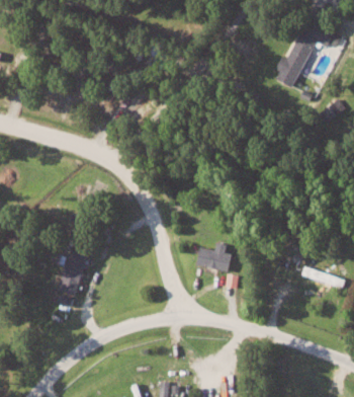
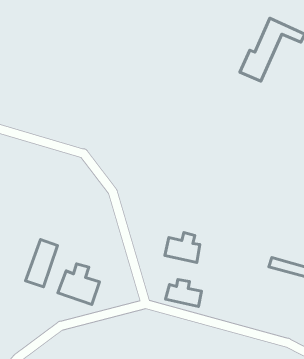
building: none -> [58,264,100,304]
building: none -> [165,280,202,306]

